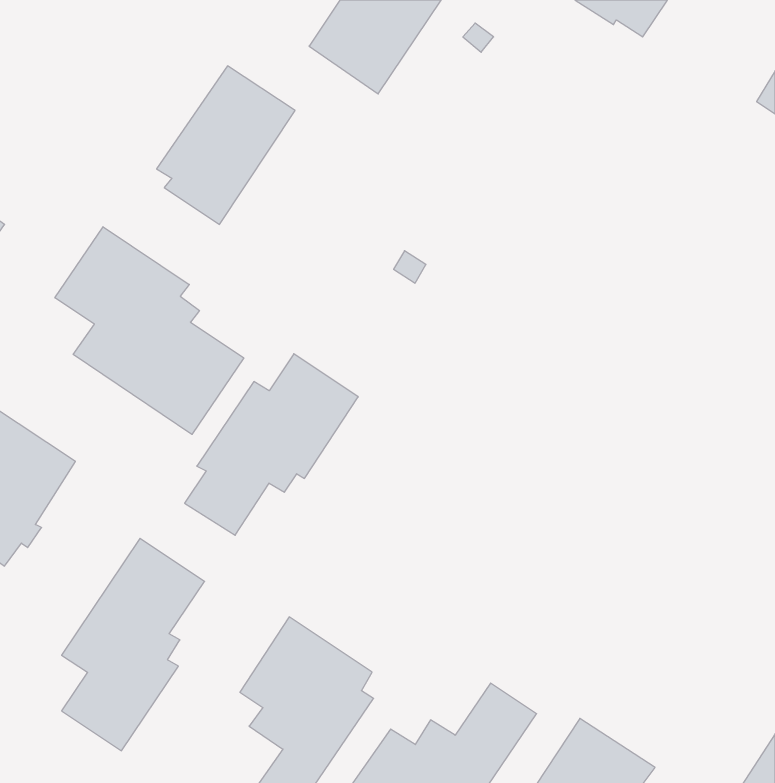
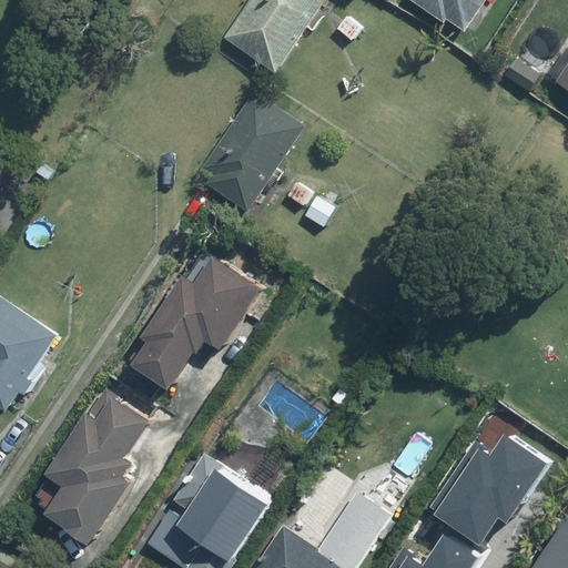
building: [157,66,295,224] -> [201,94,301,209]
building: [55,227,244,434] -> none
building: none -> [436,432,547,540]

